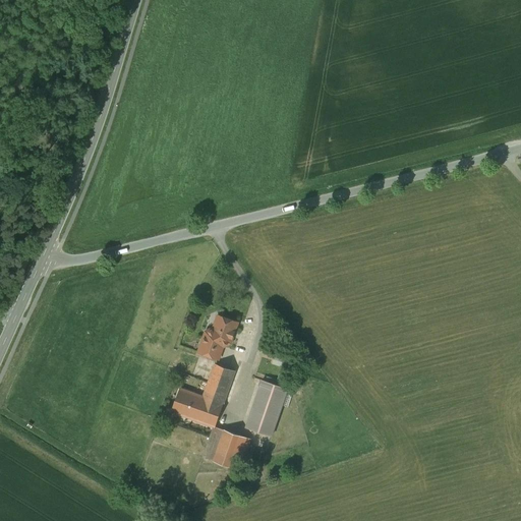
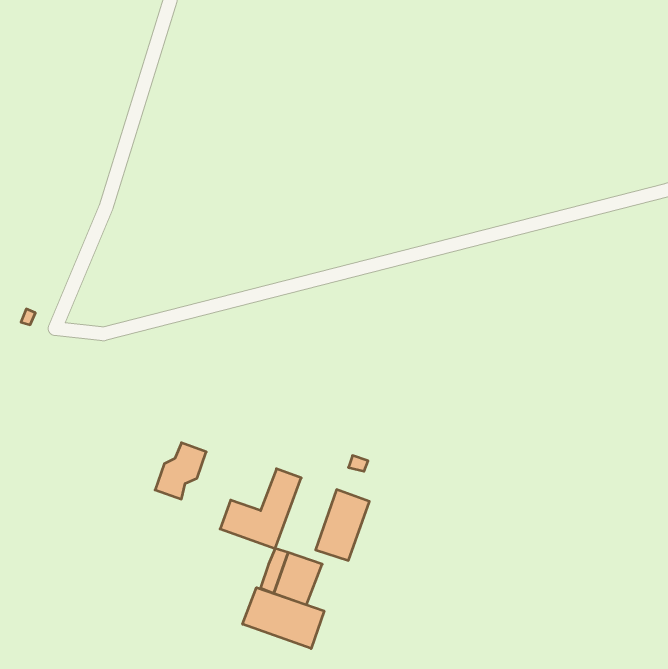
building: [197,315,237,359] -> [155,443,206,499]
building: none -> [243,588,324,649]

